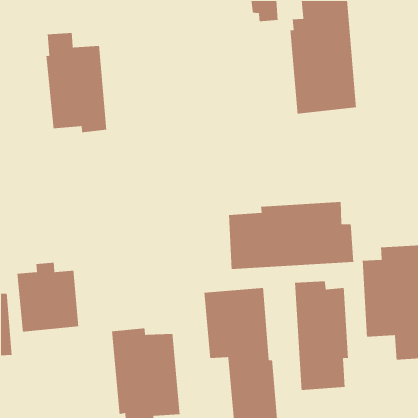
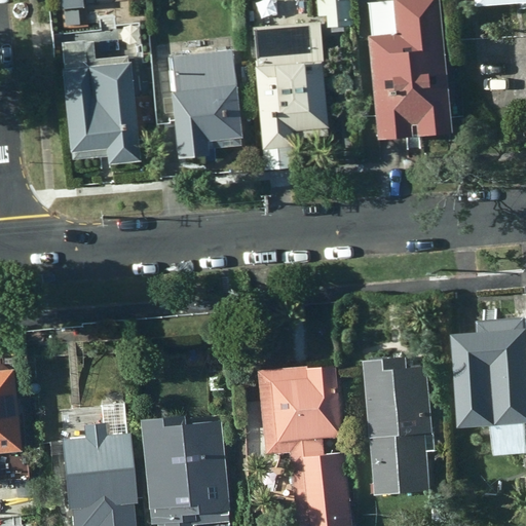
building: none -> [253,27,328,153]
building: none -> [168,52,241,162]
building: [228,201,354,270] -> none
building: [16,262,79,333] -> [59,420,137,509]

